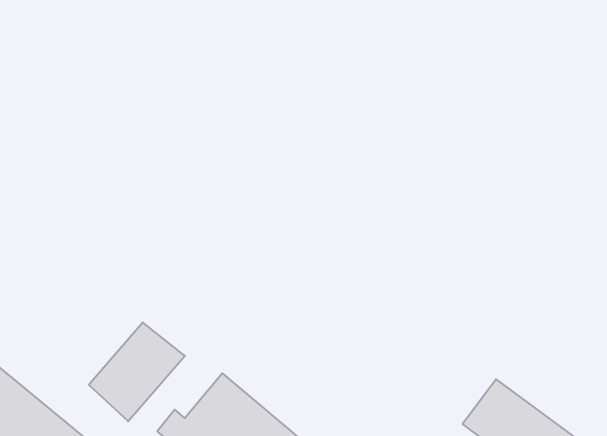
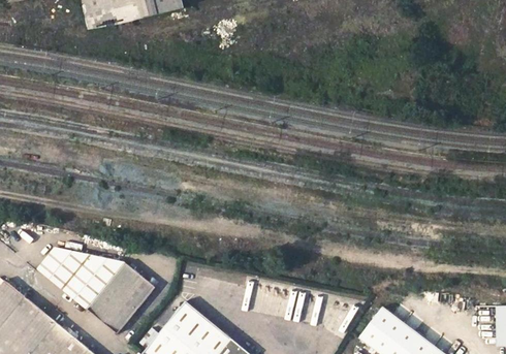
building: none -> [38,248,127,309]

